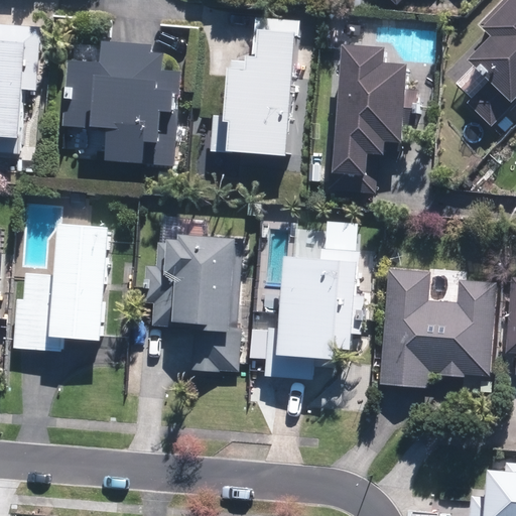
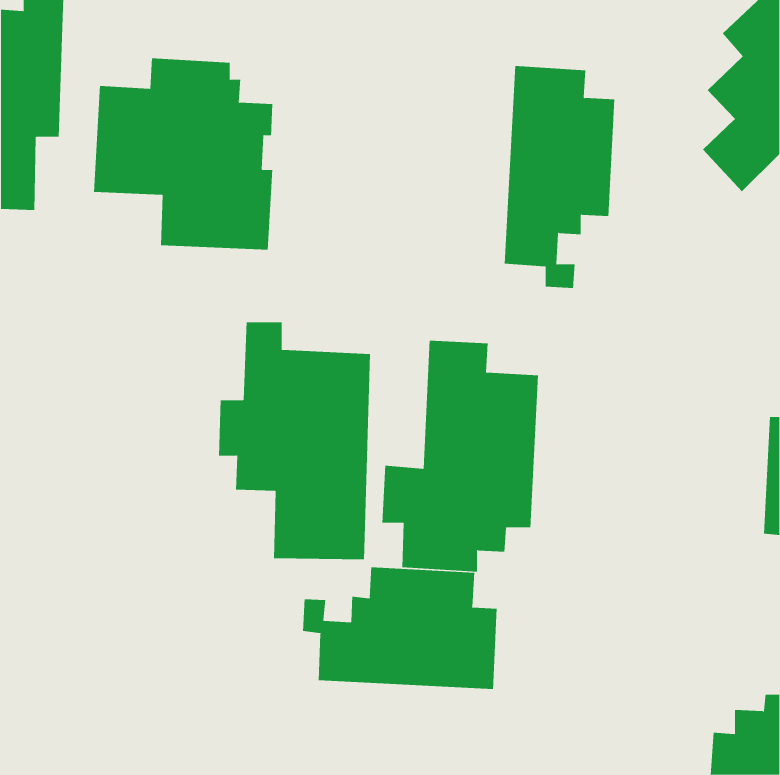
building: [212,15,301,158] -> none
building: [15,226,109,350] -> none
building: [379,267,495,386] -> none
building: none -> [302,567,497,690]

